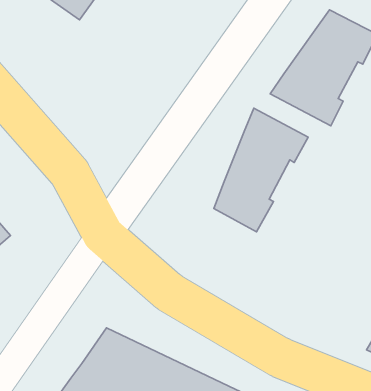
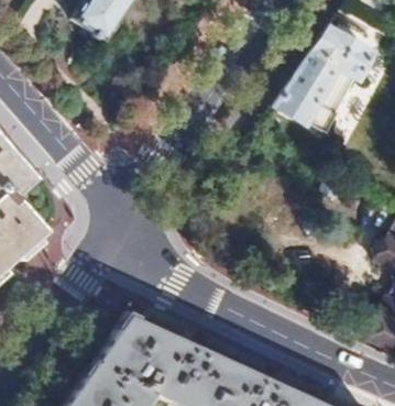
building: [214,108,308,232] -> none

